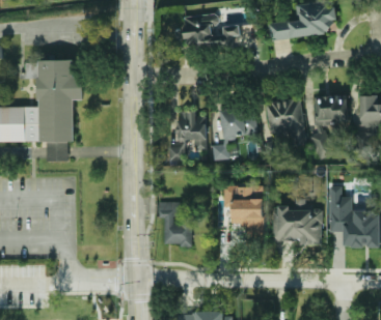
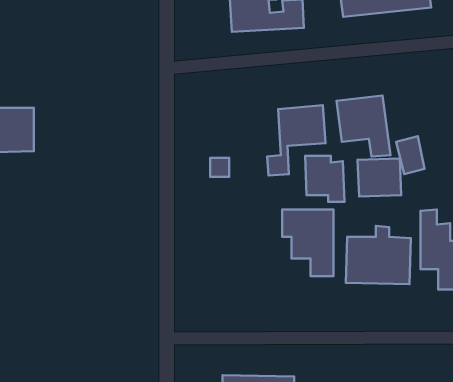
building: [37,60,83,159] -> none
building: [315,94,348,123] -> [358,159,401,197]
building: [176,111,207,146] -> [305,156,344,202]
building: [158,201,191,244] -> none

